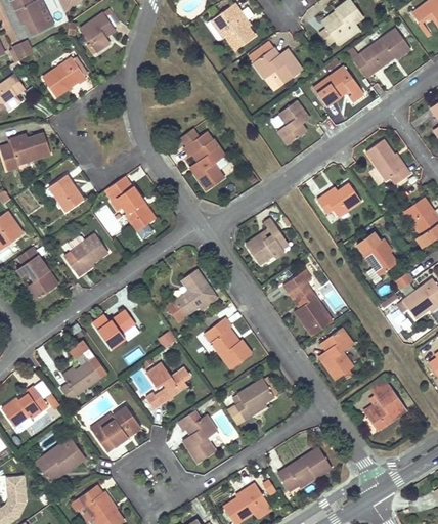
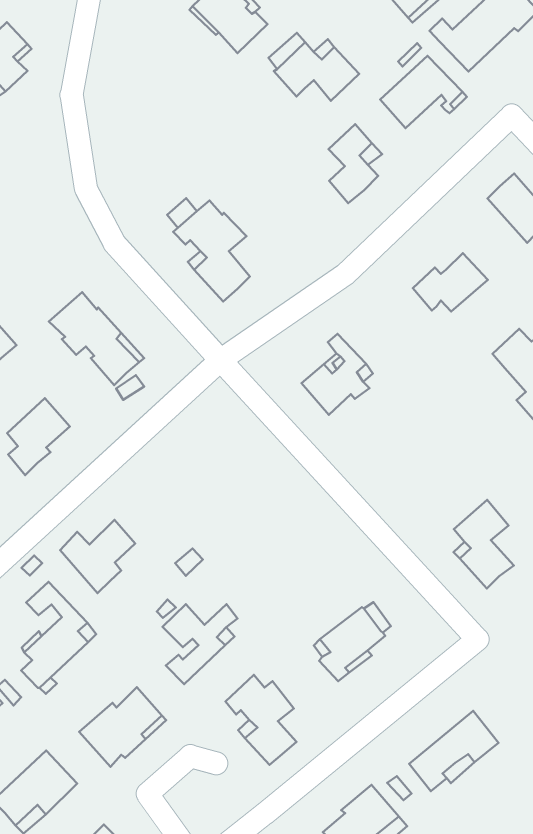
building: [166,269,216,320] -> none
building: [282,269,333,336] -> none
building: [203,317,250,368] -> none

